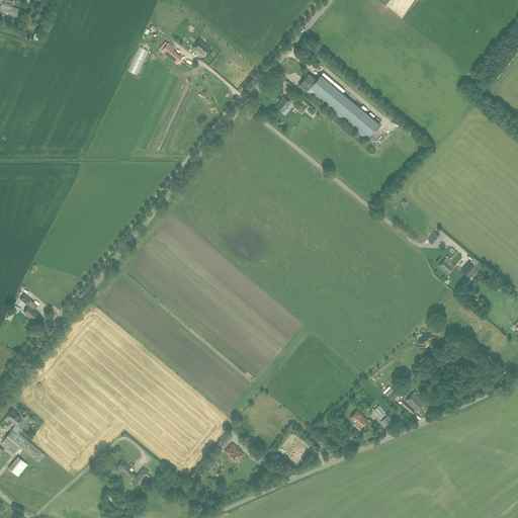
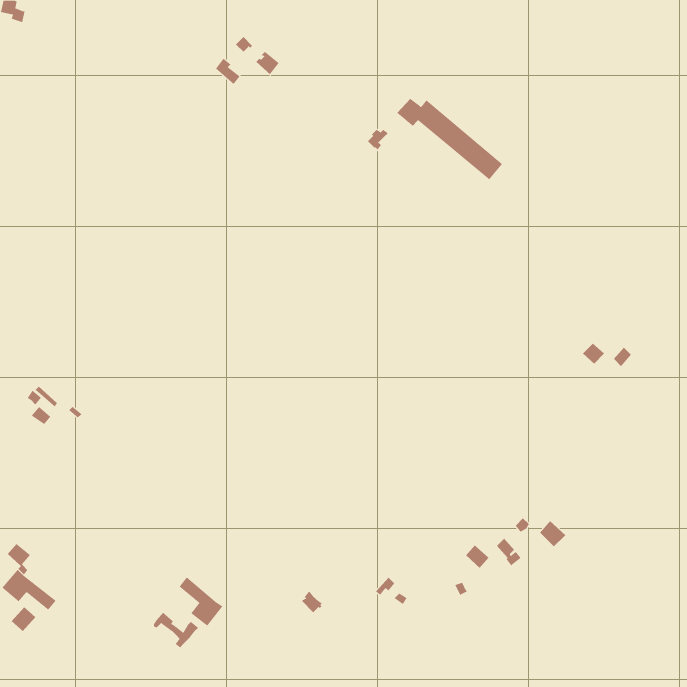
building: none -> [179,576,223,627]

